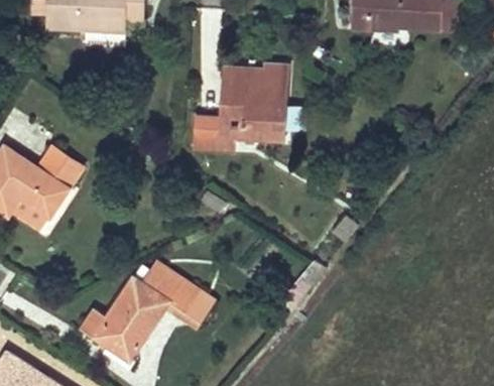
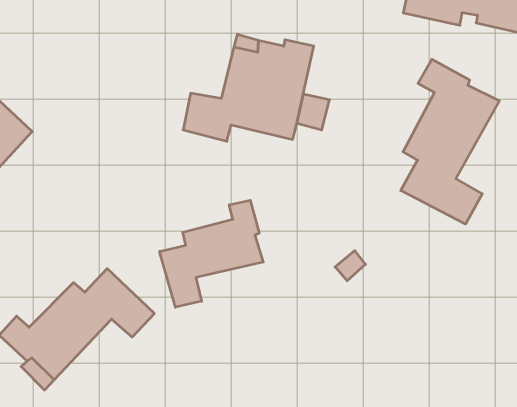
building: none -> [401,59,499,224]
building: none -> [160,200,263,307]

